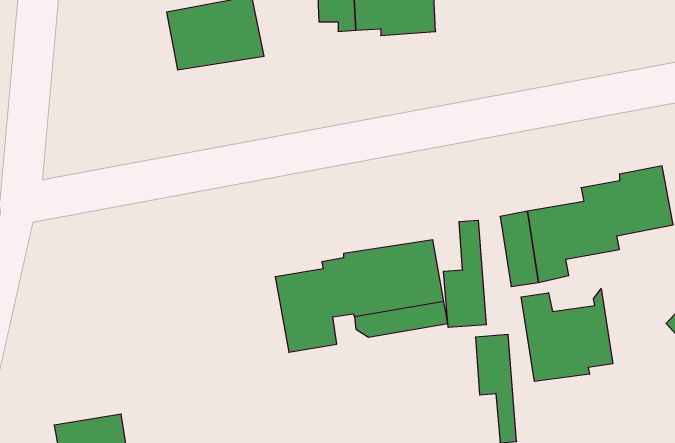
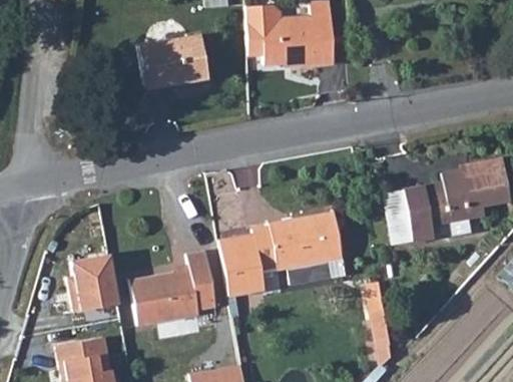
building: [444,220,486,327] -> none
building: [521,289,613,381] -> none
building: none -> [130,253,215,329]
building: none -> [70,256,120,315]

